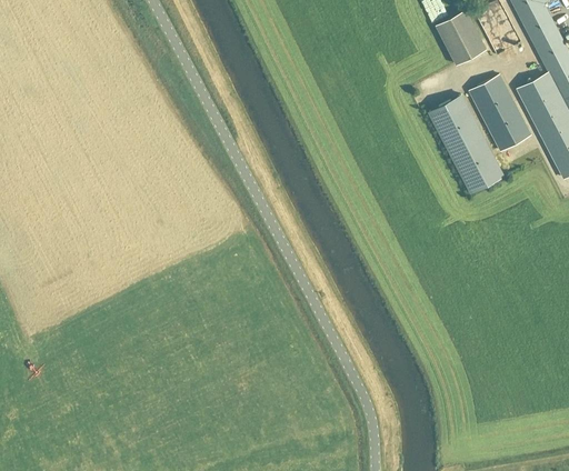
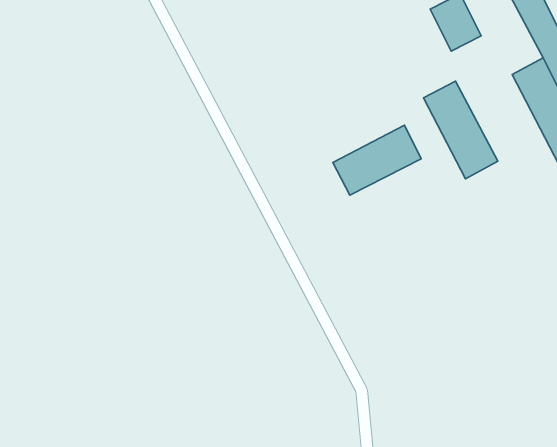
building: [469,76,531,151] -> none
building: none -> [333,125,421,195]

